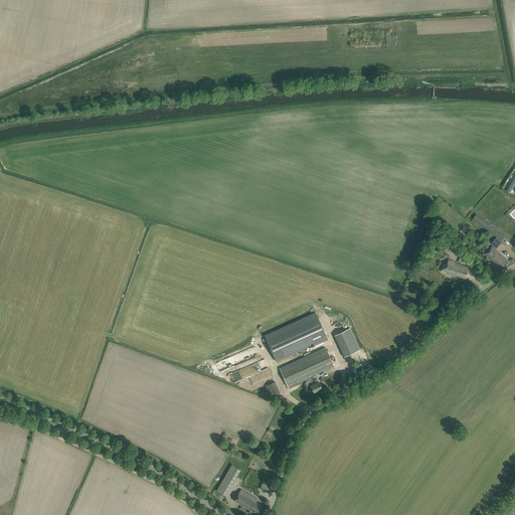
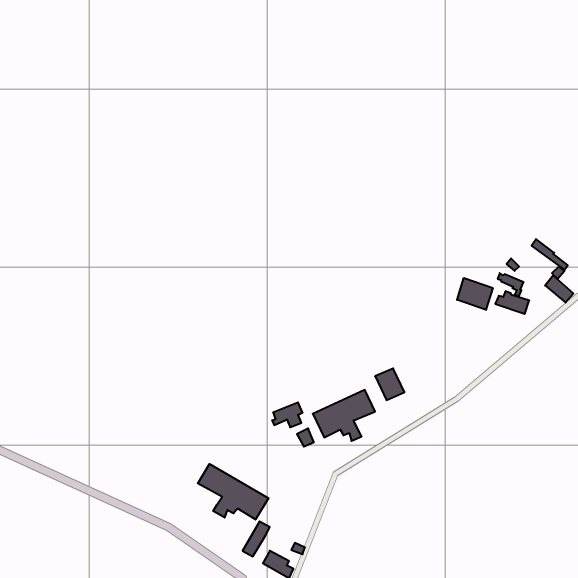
building: none -> [457,278,493,310]
building: [267,318,327,360] -> none
building: none -> [198,464,268,520]

